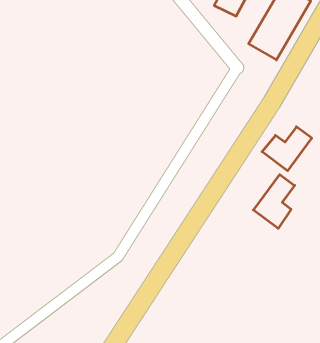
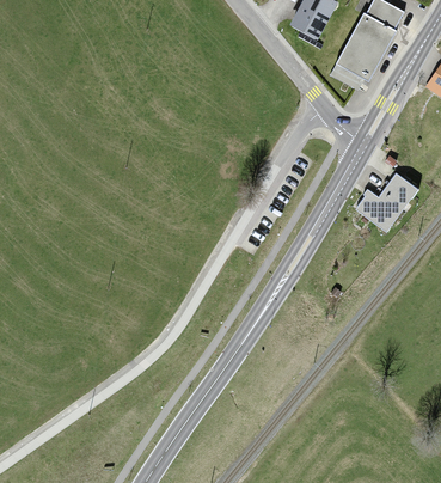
building: [253,175,295,228] -> none

